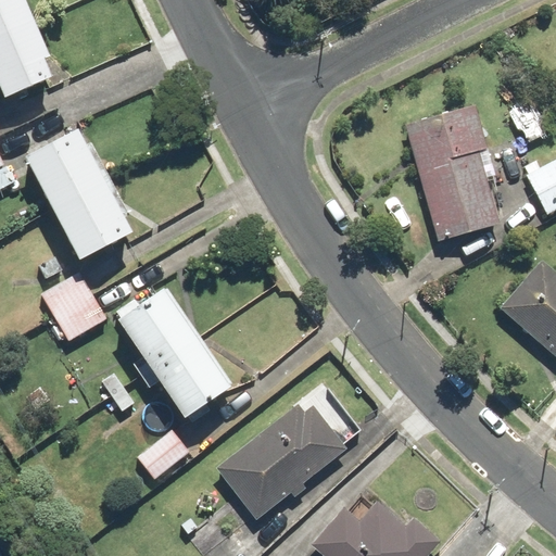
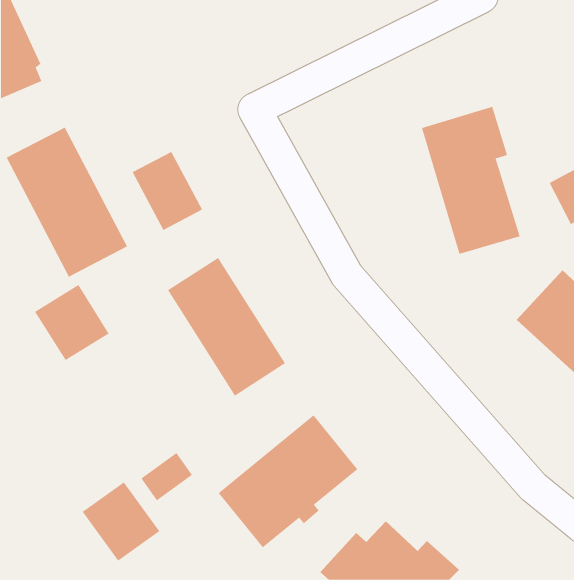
building: none -> [132,151,203,231]
building: [115,288,228,420] -> [167,257,286,396]
building: none -> [82,481,160,562]

